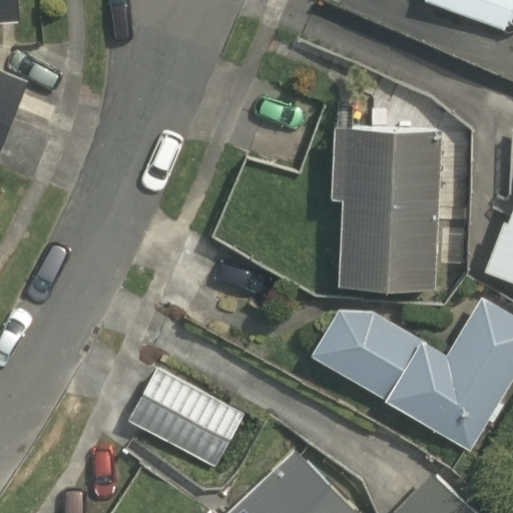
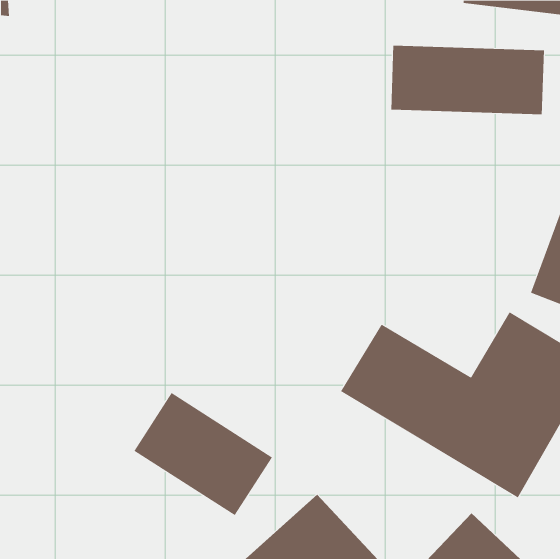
building: none -> [391,45,544,115]
building: [343,123,439,293] -> none

